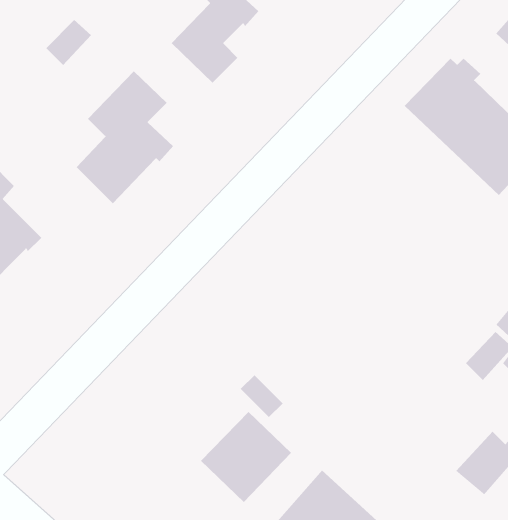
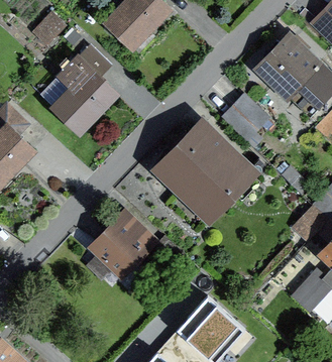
building: none -> [224,98,266,140]
building: none -> [161,127,248,214]
building: [200,411,292,503] -> [94,216,151,273]

